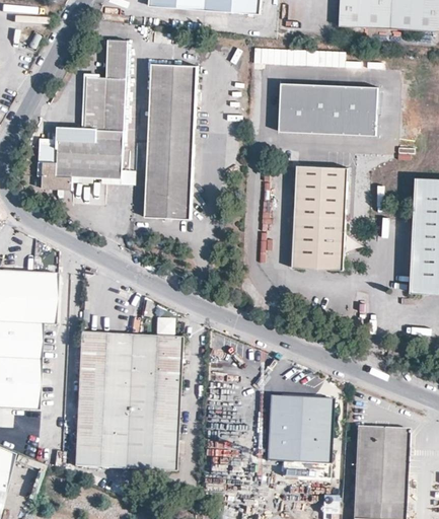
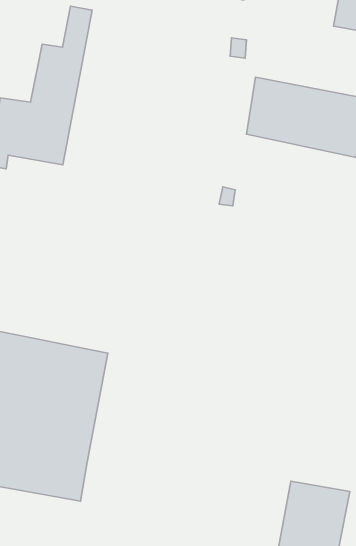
building: [144,64,196,217] -> none
building: [291,165,347,268] -> none
building: [266,395,333,461] -> none

